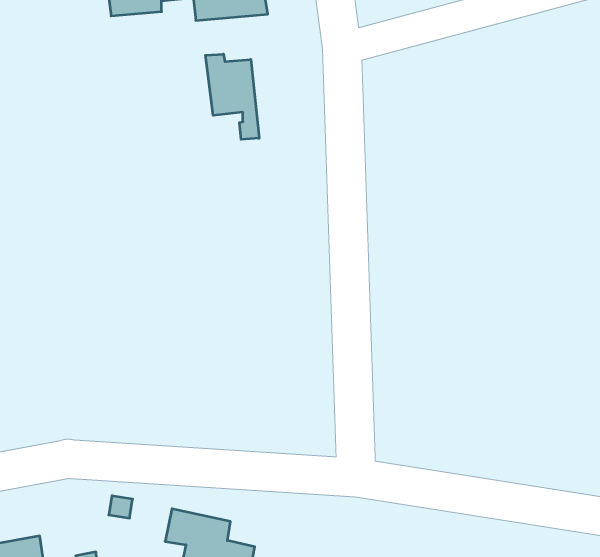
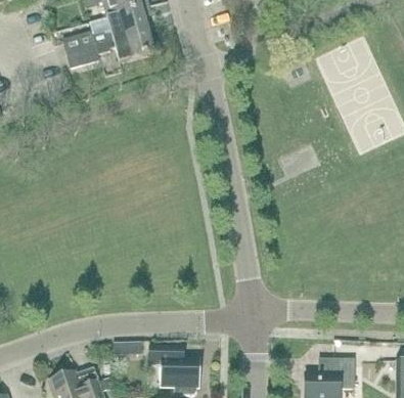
building: [205,54,259,139] -> none

